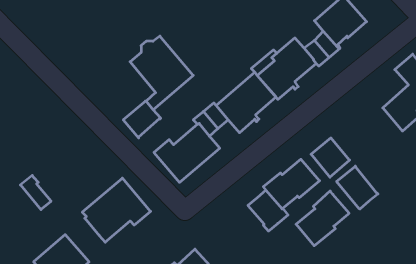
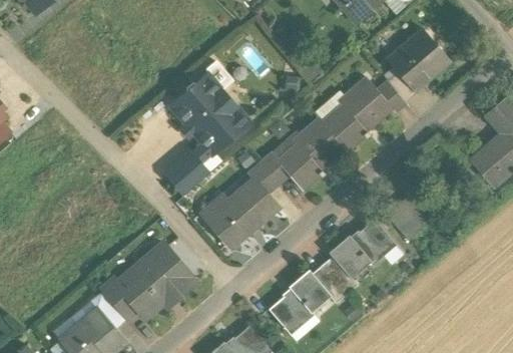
building: [337,166,378,209] -> none
building: [20,175,51,210] -> [101,280,137,320]
building: [296,191,349,246] -> [269,271,331,335]

